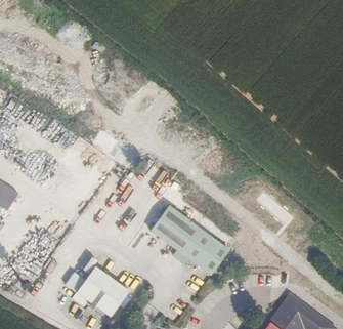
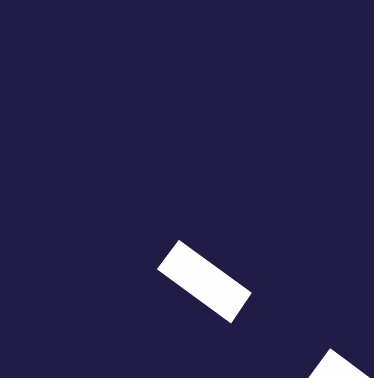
building: [73,263,131,315] -> none

